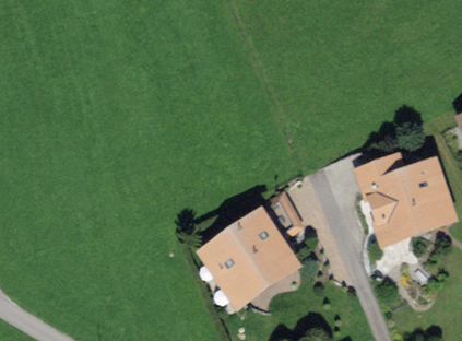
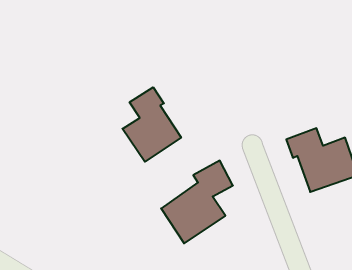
building: none -> [122,87,181,162]

